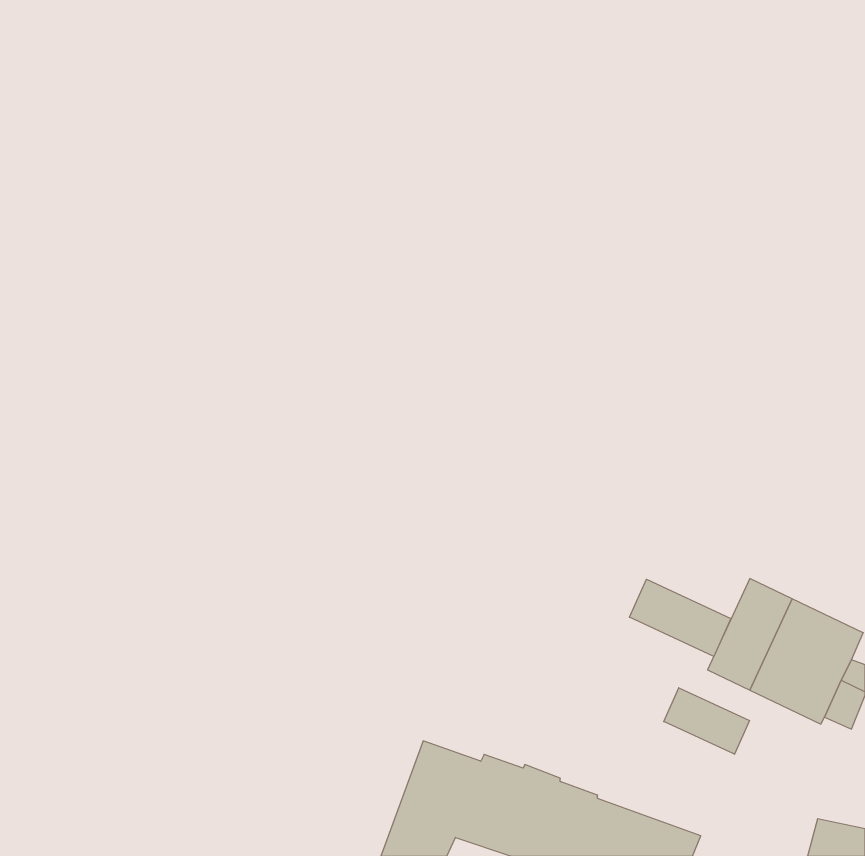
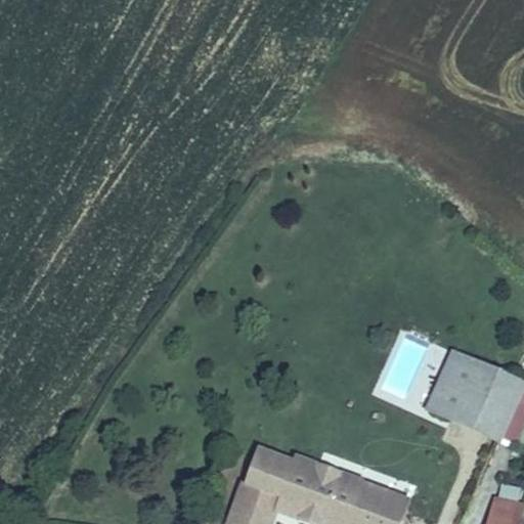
building: [629,579,731,656] -> none
building: [664,688,749,754] -> none

